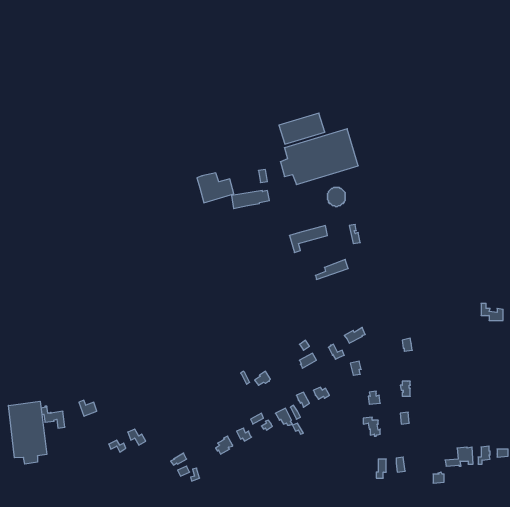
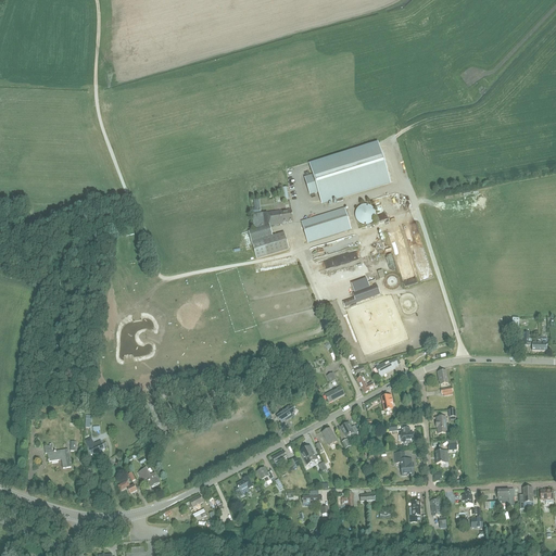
building: [279,113,325,144] -> [301,206,351,240]
building: [197,173,234,203] -> [249,224,289,256]
building: [8,401,47,464] -> none

